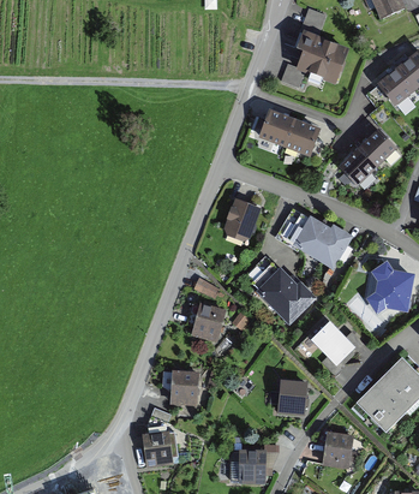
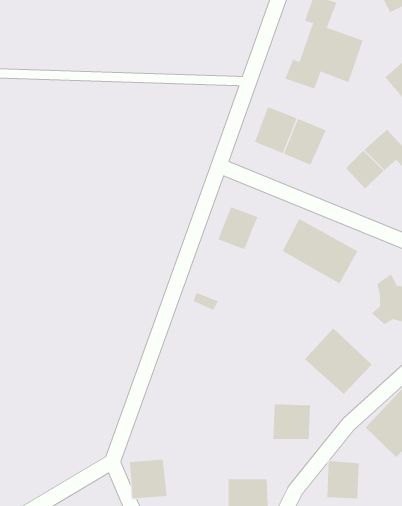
building: [249,255,321,326] -> none
building: [190,304,223,340] -> none
building: [163,370,199,405] -> none

